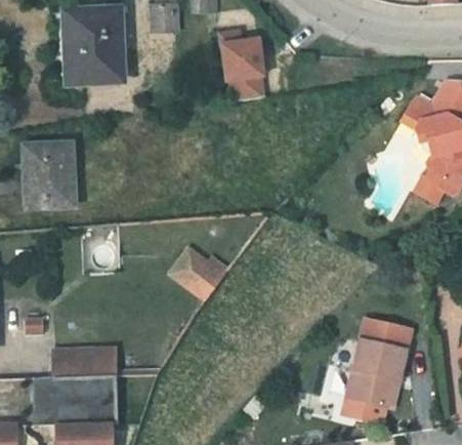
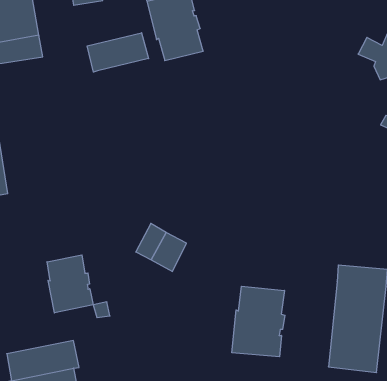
building: none -> [87,33,149,72]
building: none -> [47,255,93,313]
building: none -> [232,286,285,357]

